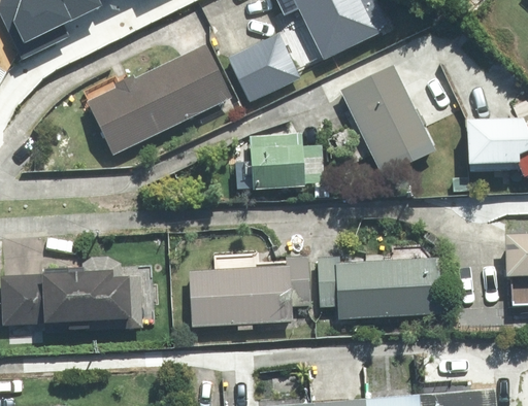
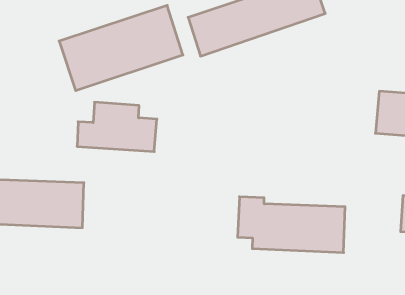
building: [340,65,434,171] -> none
building: [233,134,326,190] -> [77,102,157,152]
building: [184,250,317,328] -> none

